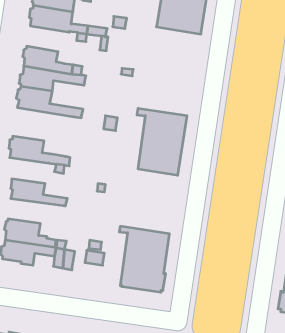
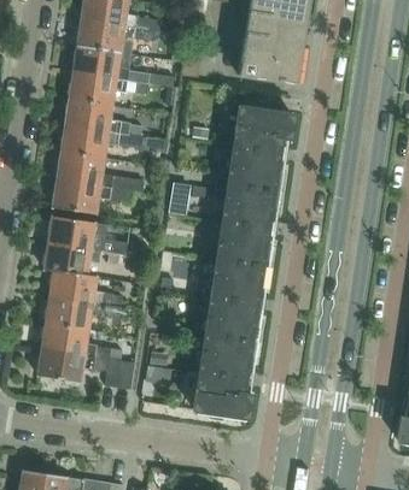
building: none -> [69,73,125,107]
building: none -> [215,106,293,190]
building: none -> [51,179,132,214]
building: none -> [42,244,99,277]
building: none -> [192,259,267,343]
building: none -> [45,297,125,330]

